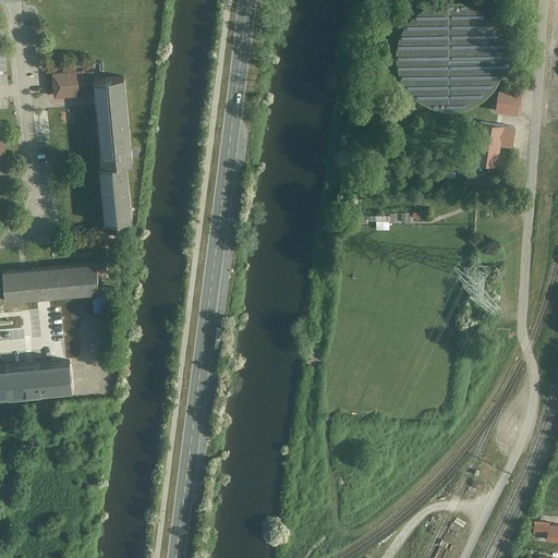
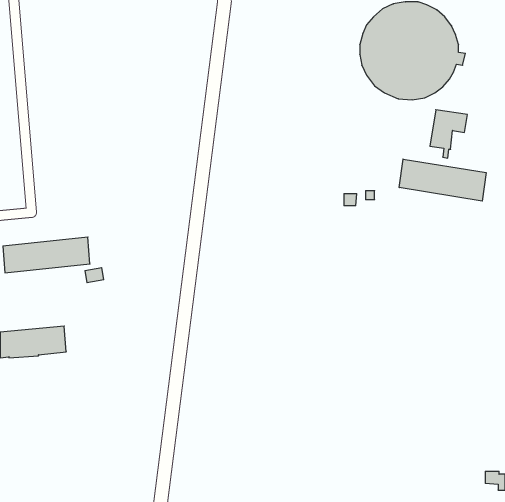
building: [50,74,134,229] -> none
building: [495,93,521,117] -> none
building: none -> [399,159,486,201]

